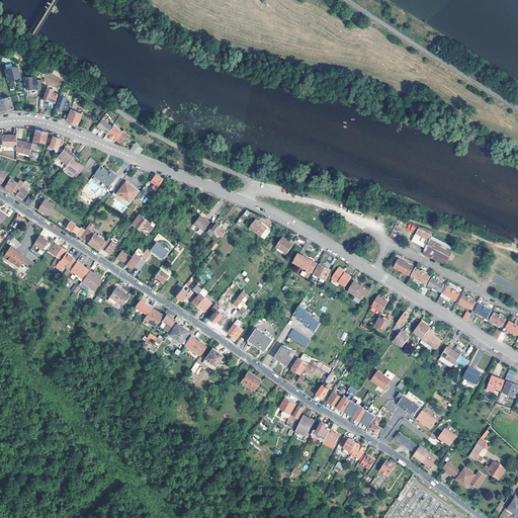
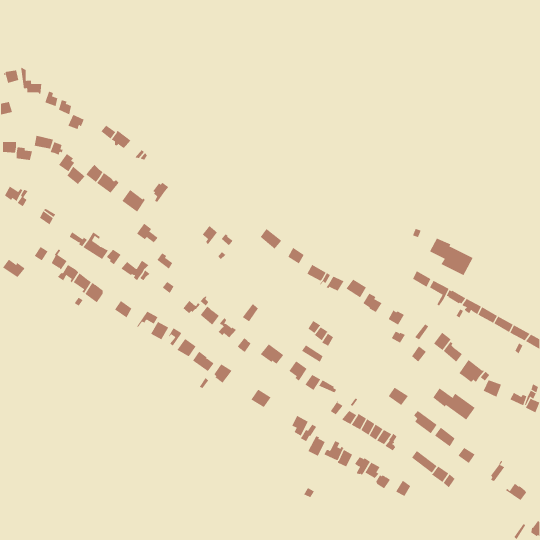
building: none -> [433,388,475,421]
building: [445,462,486,486] -> none

